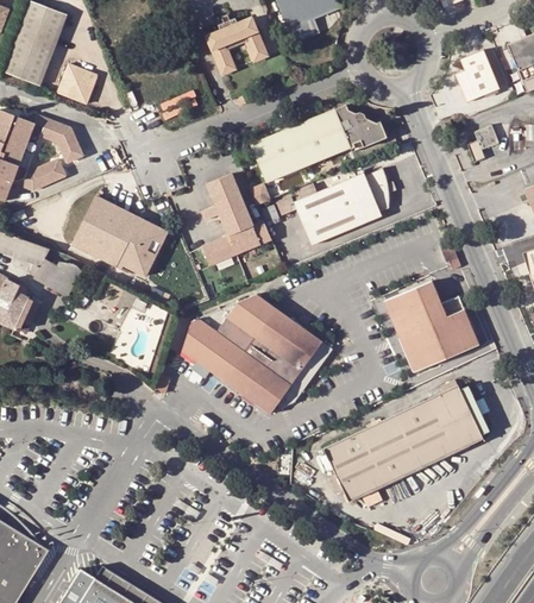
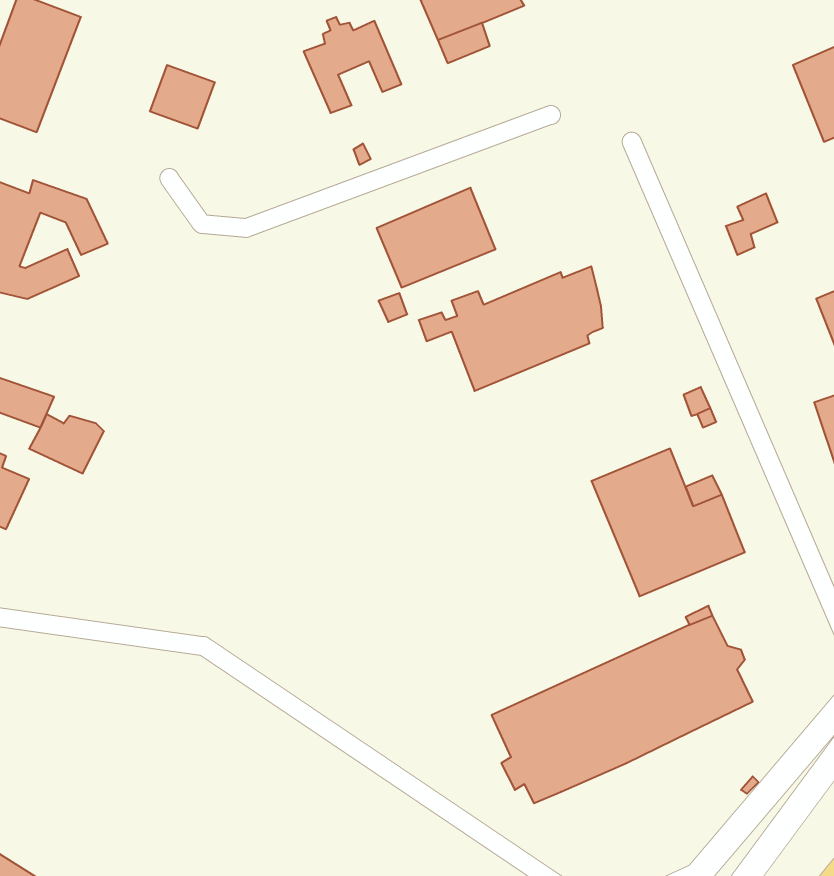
building: [456,50,498,101] -> none
building: [57,63,98,102] -> [150,65,215,128]
building: [308,105,387,158] -> none
building: [202,174,271,265] -> none
building: [71,196,168,277] -> none
building: [181,294,331,414] -> none

